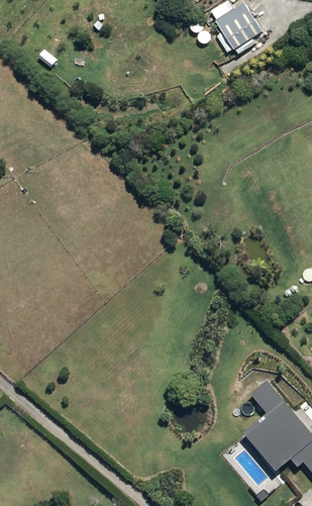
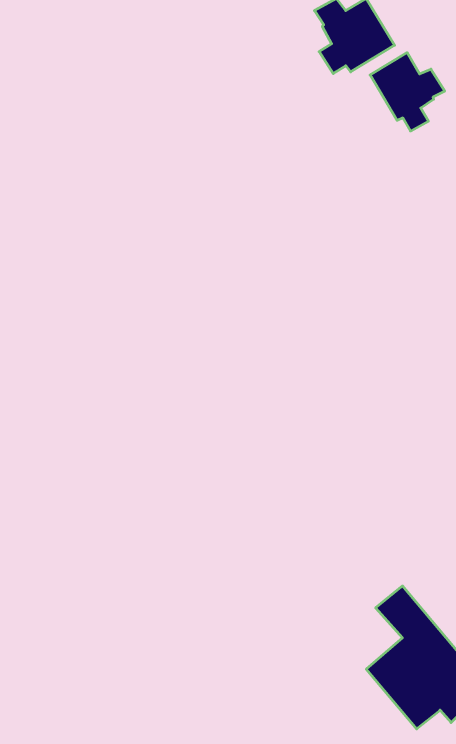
building: none -> [370,53,445,131]

